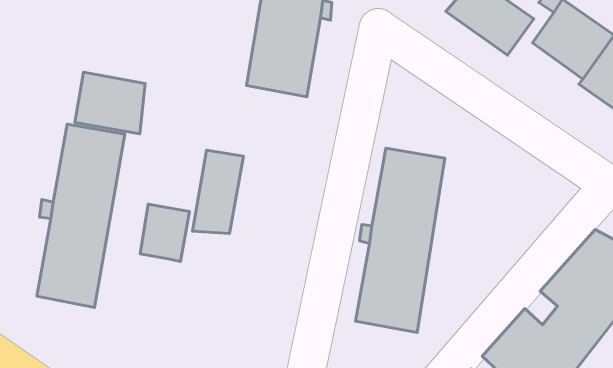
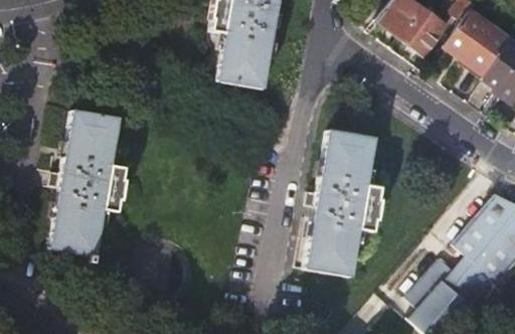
building: [75,72,145,134] -> none
building: [193,150,244,233] -> none
building: [140,204,189,262] -> none

